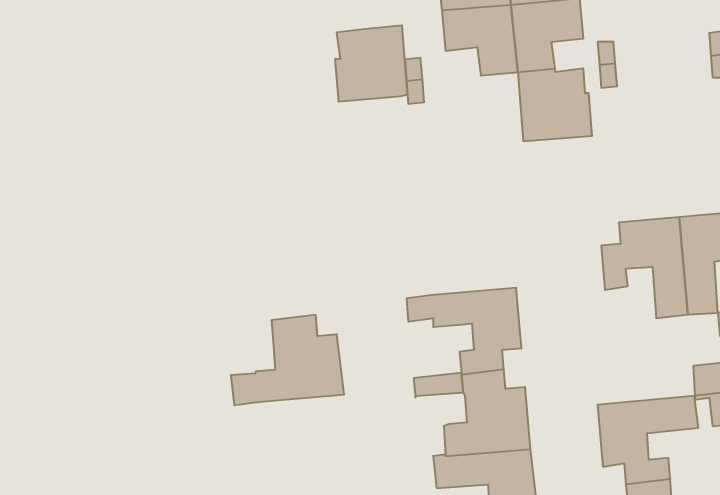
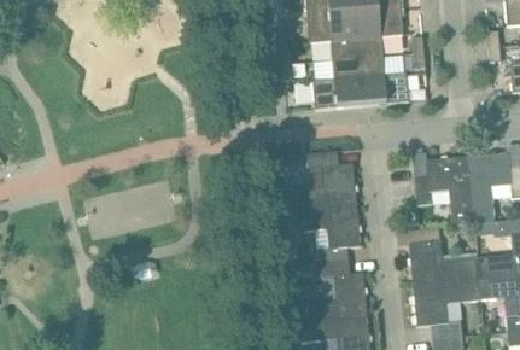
building: [335,25,407,102] -> [311,57,361,109]
building: [231,315,344,405] -> [279,150,356,211]
building: none -> [408,227,478,284]

